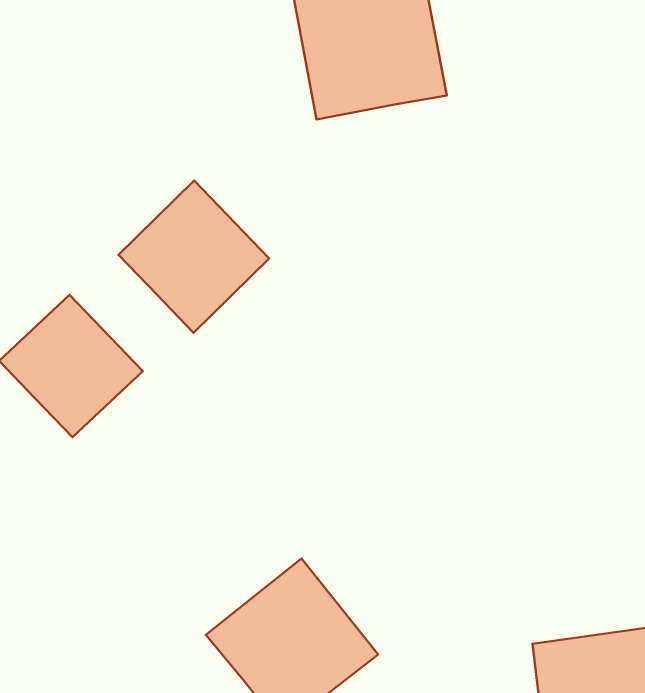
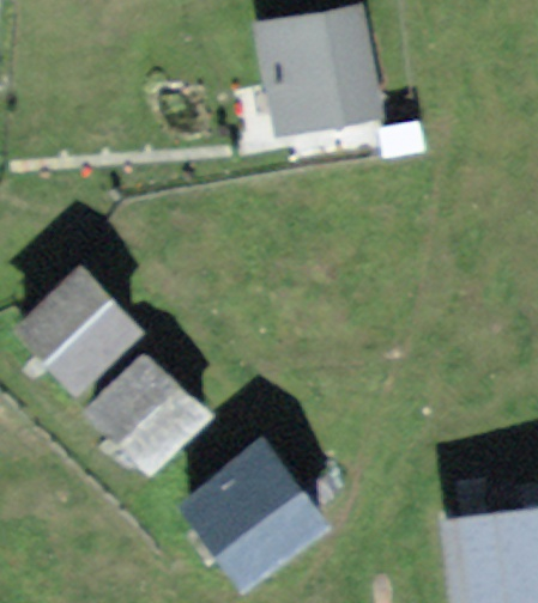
building: [119,180,269,333] -> none
building: none -> [89,346,202,458]

